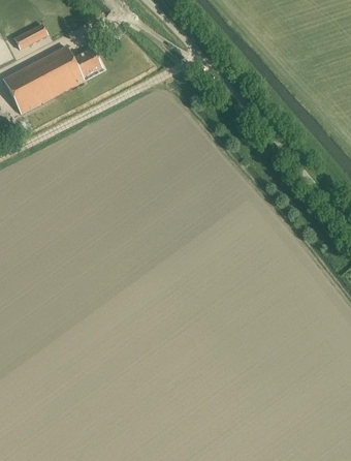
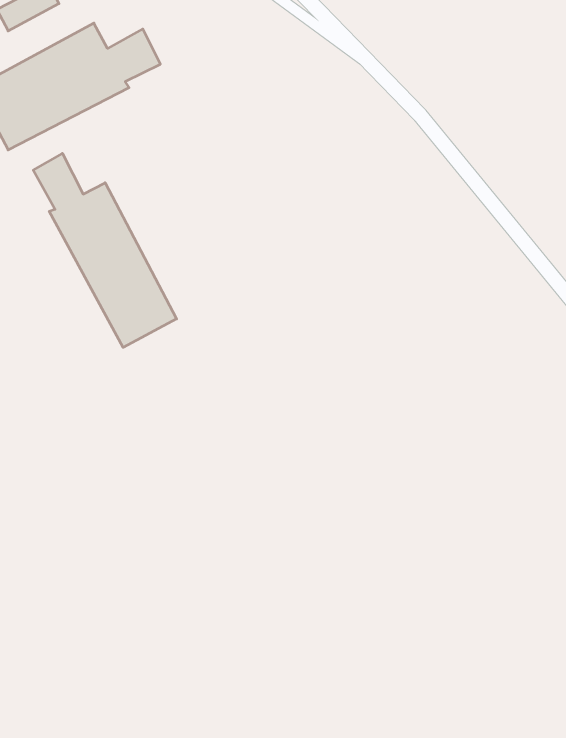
building: none -> [33,153,177,347]

